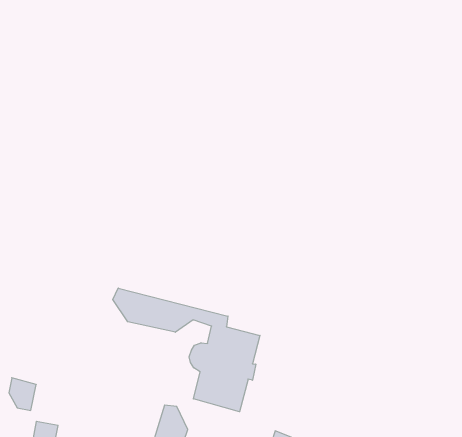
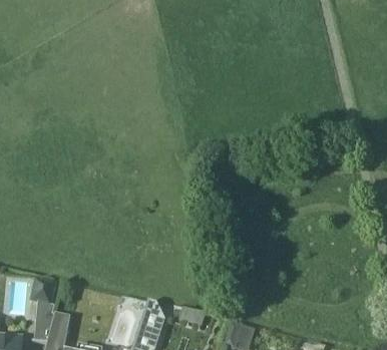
building: [113,288,260,412] -> none

